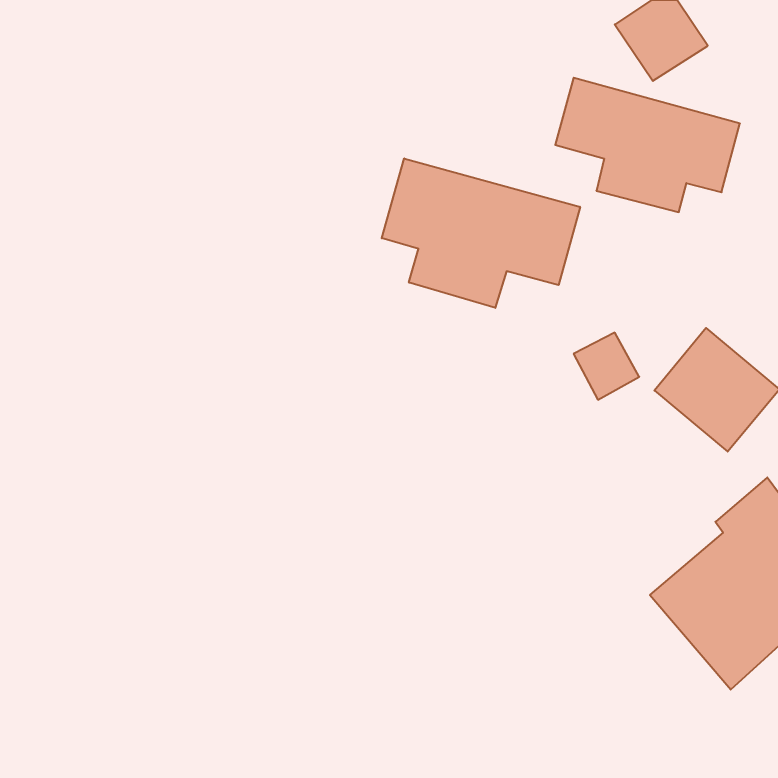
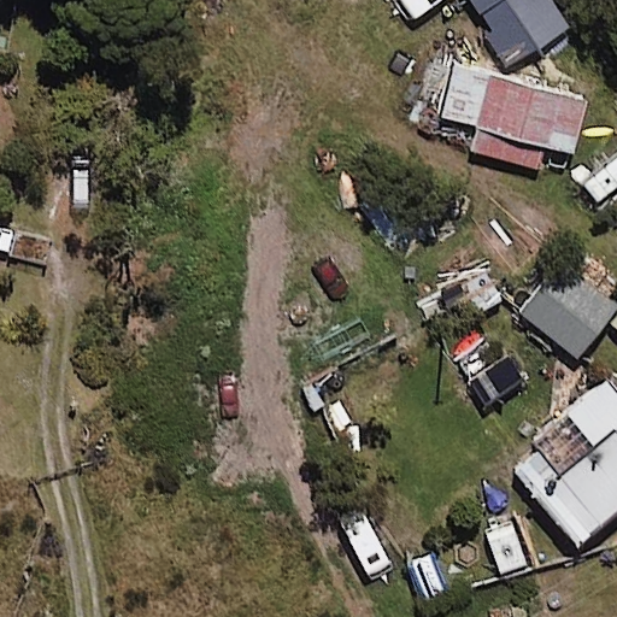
building: [382,158,580,308] -> none

